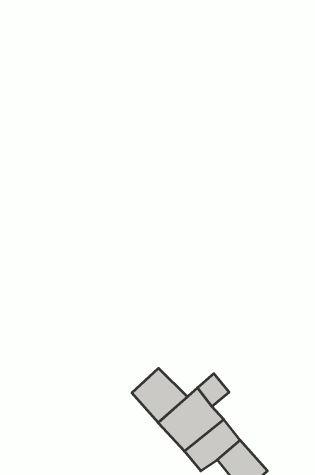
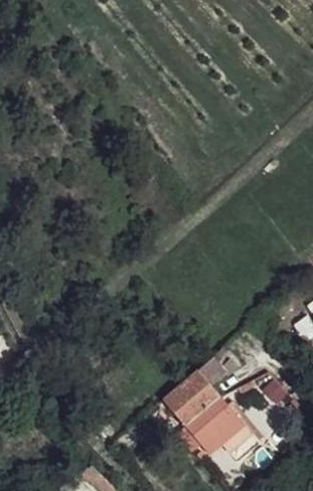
building: [132,368,187,422] -> none

